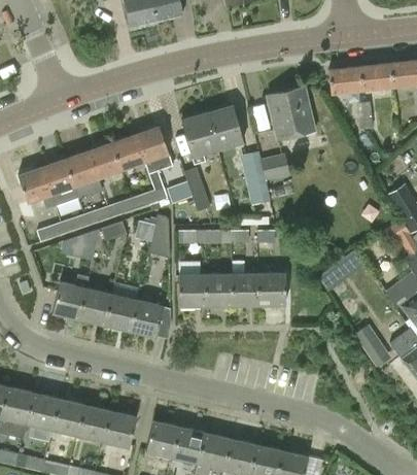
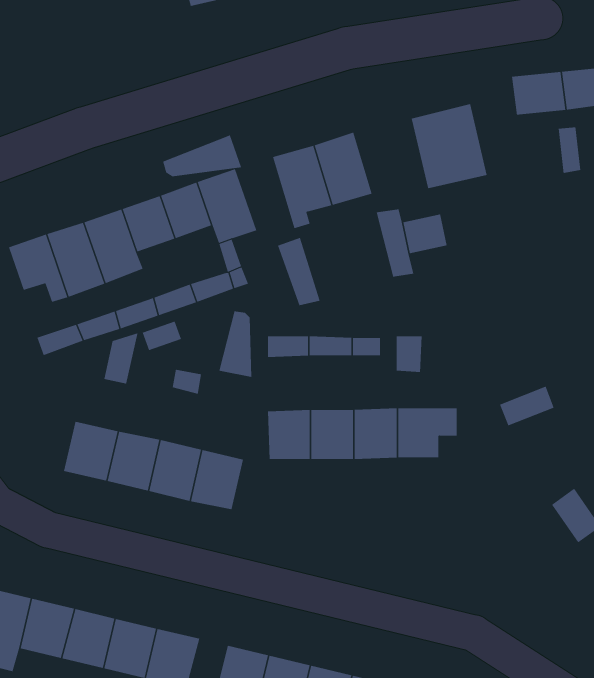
building: none -> [163,134,242,177]

